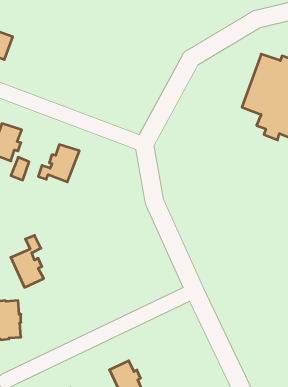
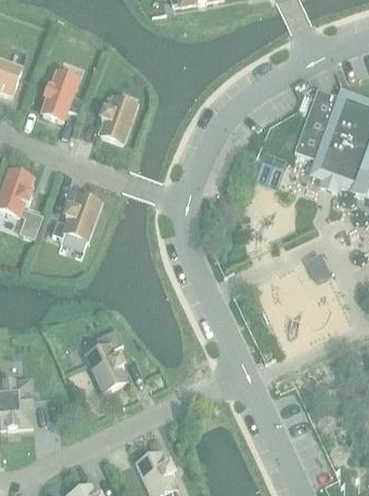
building: none -> [42,71,78,119]
building: none -> [100,96,137,141]
building: [11,235,44,287] -> [87,328,126,390]

